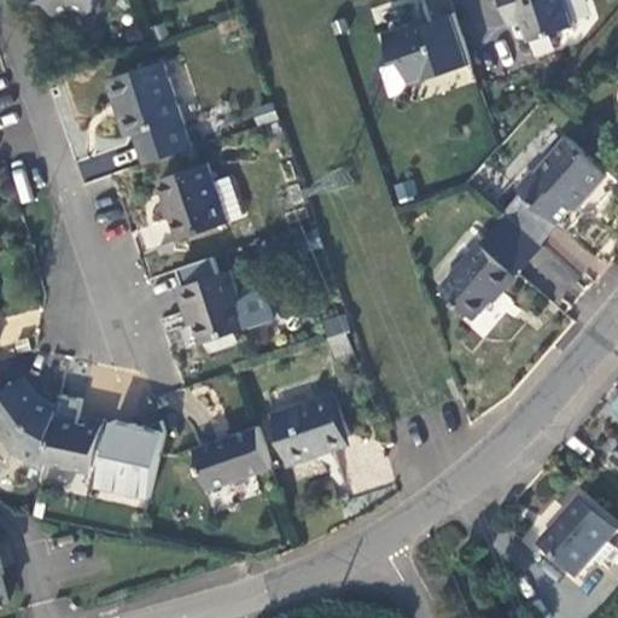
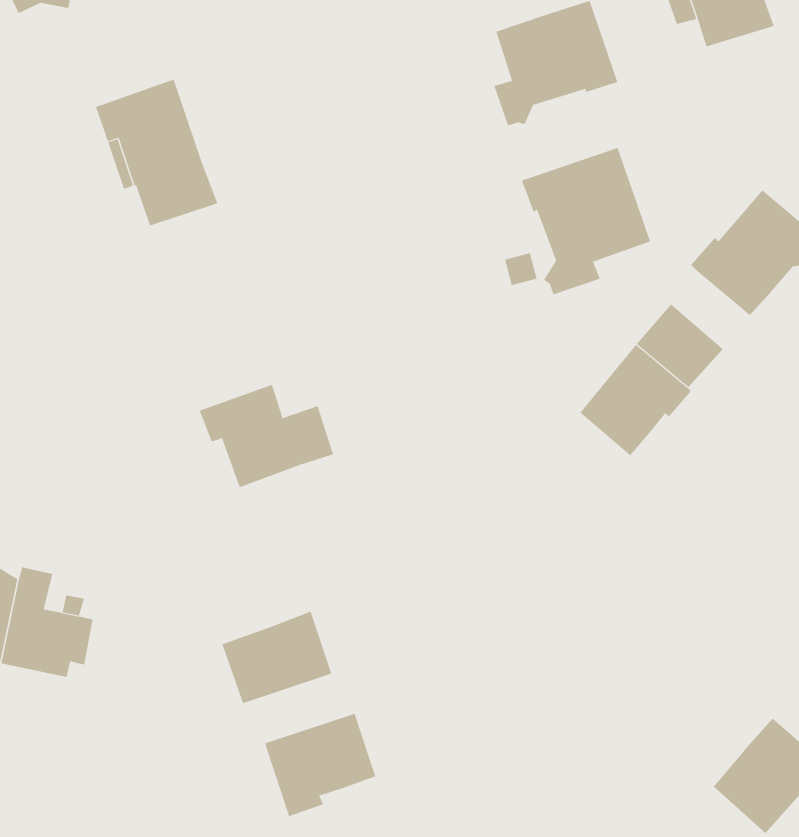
building: none -> [521,147,651,295]
building: [158,164,243,239] -> none
building: [501,193,556,247] -> none
building: [272,393,349,465] -> [264,713,376,817]
building: [94,420,161,496] -> none

